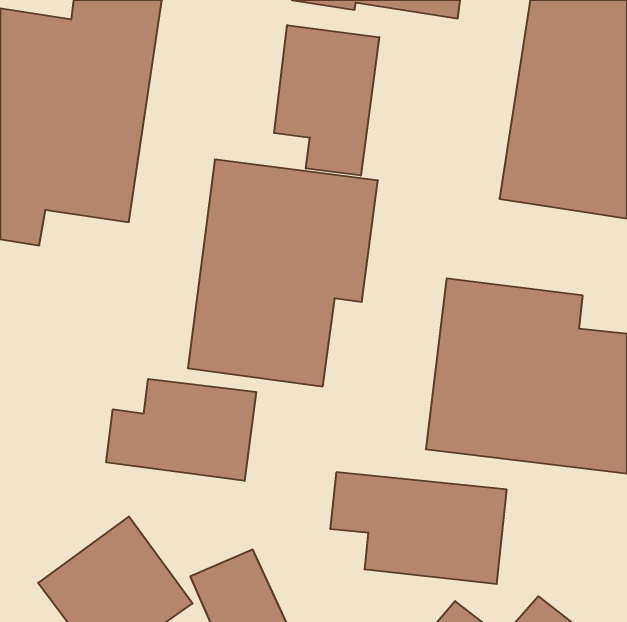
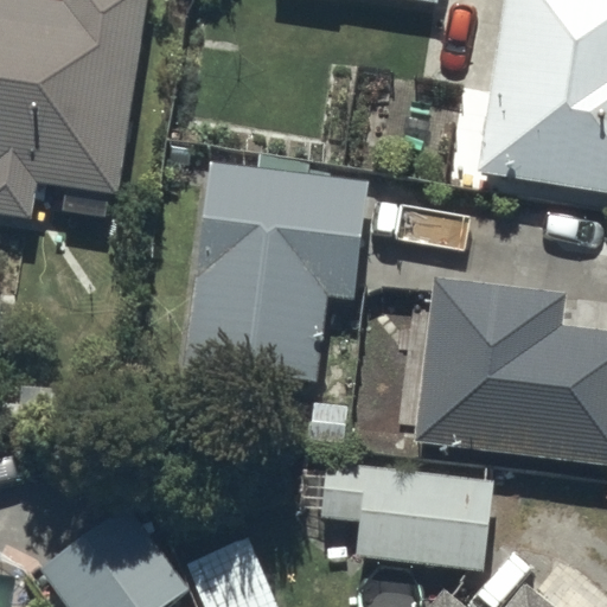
building: [274,25,379,176] -> none
building: [106,379,256,481] -> none

